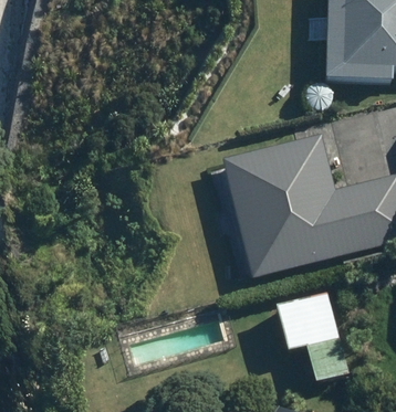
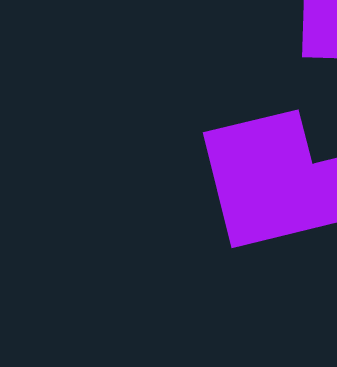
building: [275,290,348,382] -> none

